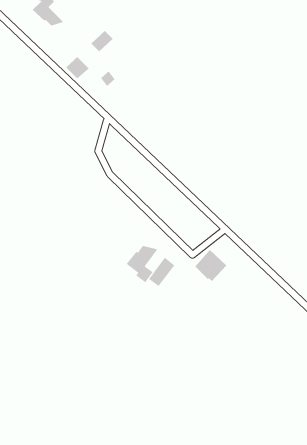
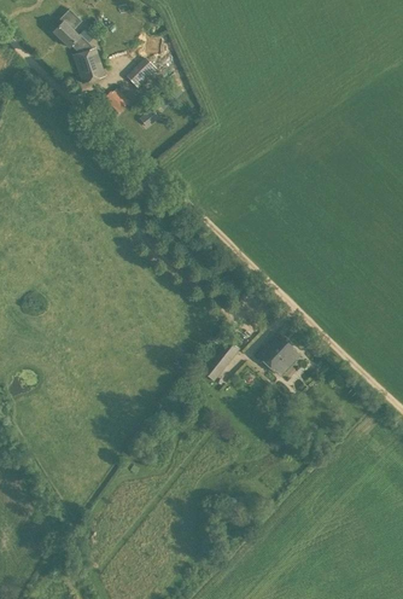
building: none -> [74,47,105,82]
building: [126,245,158,283] -> none

